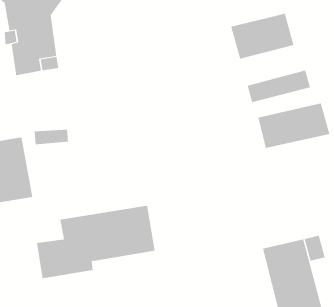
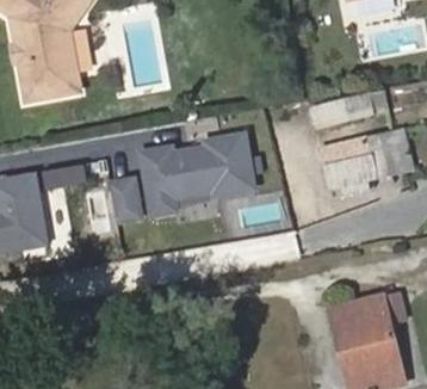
building: [230,13,294,60] -> none
building: [36,205,156,279] -> [110,134,256,224]

